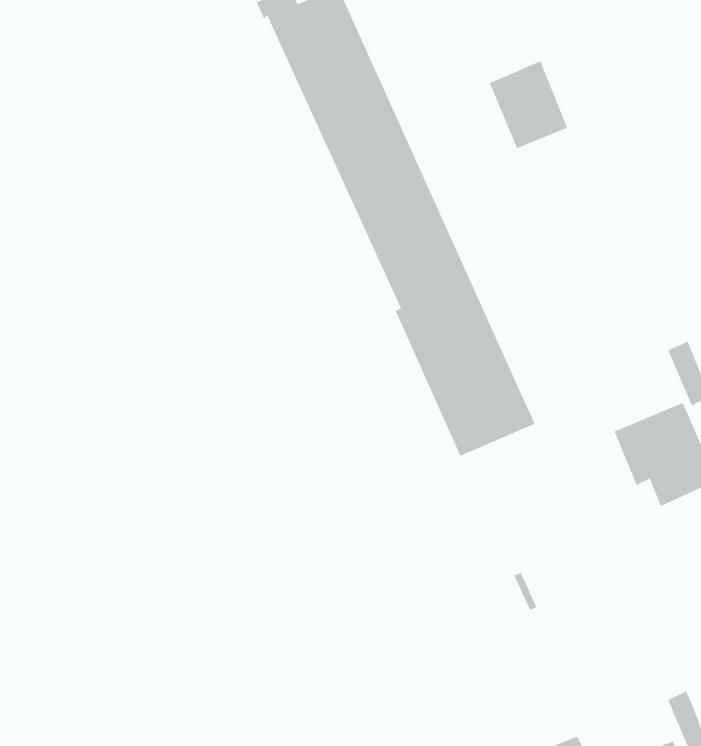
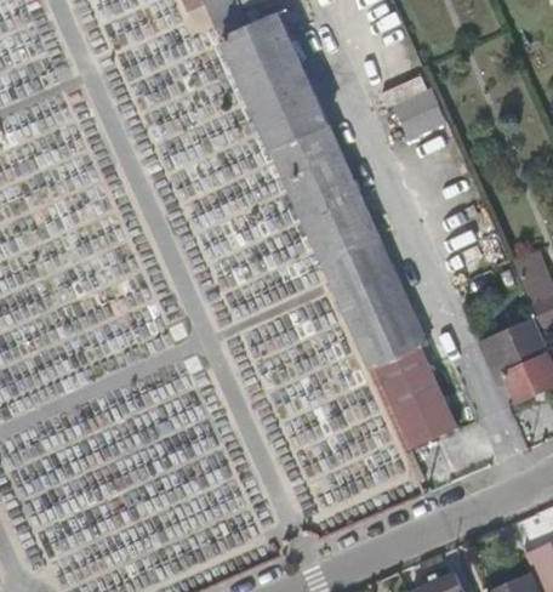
building: none -> [366,342,452,443]

